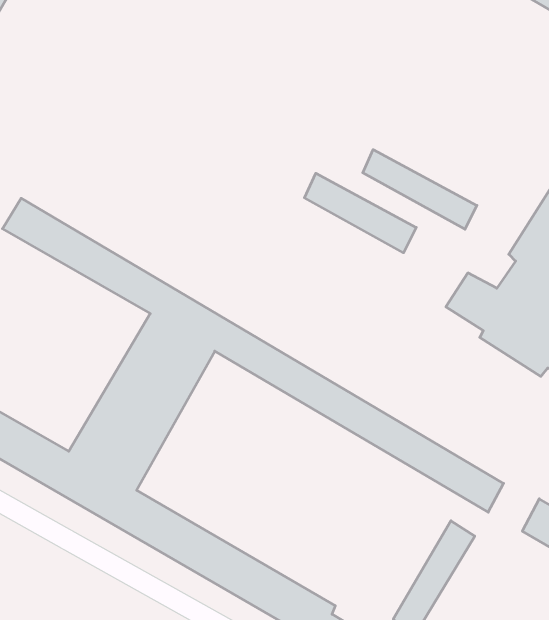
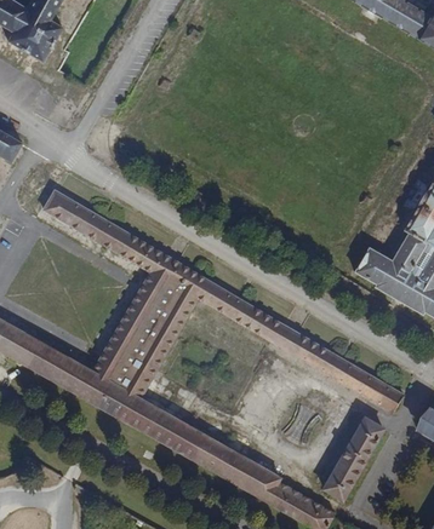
building: [363,150,477,229] -> none
building: [304,173,416,253] -> none

